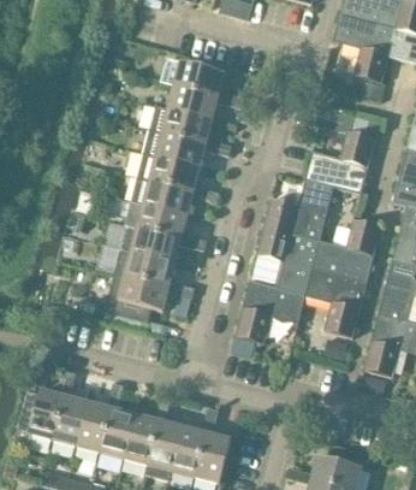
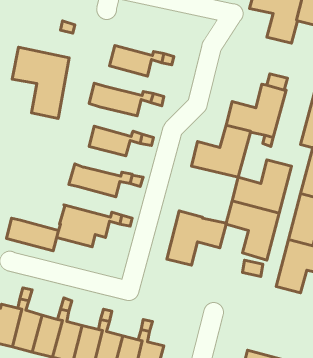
building: [173,61,224,98] -> none
building: none -> [12,47,69,118]
building: [161,110,212,144] -> none
building: [149,158,200,193] -> none
building: [137,205,186,240] -> none
building: [256,226,319,295] -> none
building: [113,249,174,288] -> [6,218,58,251]

